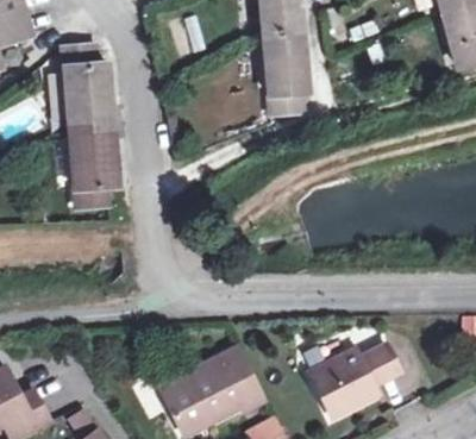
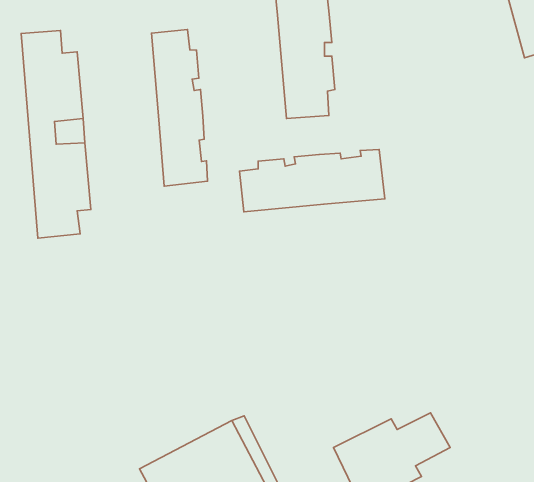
building: none -> [152,30,208,186]
building: none -> [239,150,385,212]

